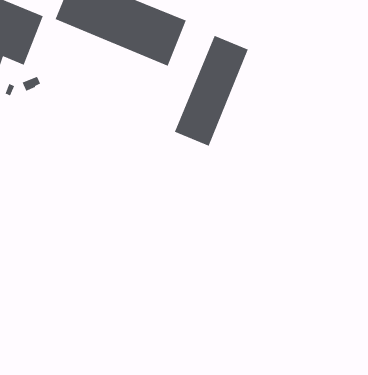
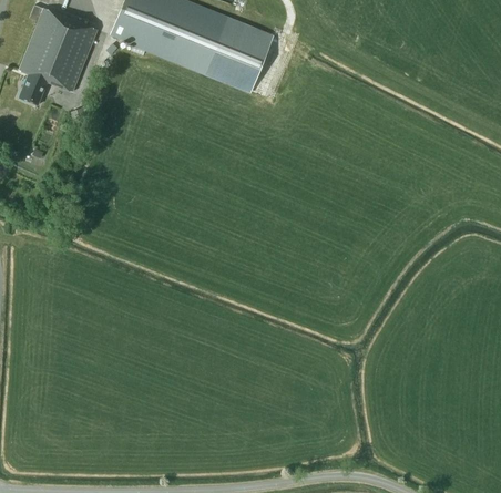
building: [174,35,249,147] -> none

